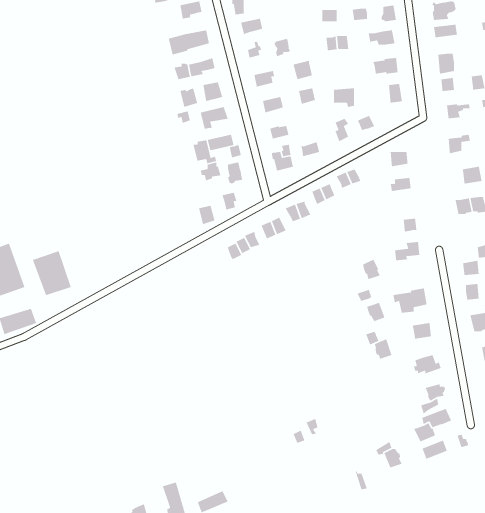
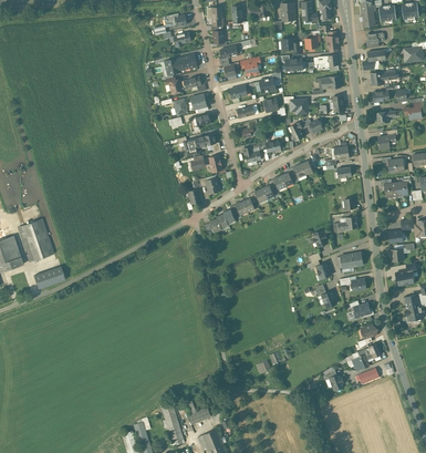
building: [32,250,72,296] -> none

